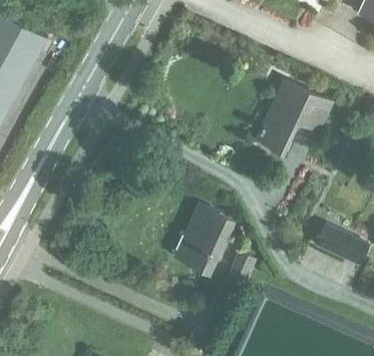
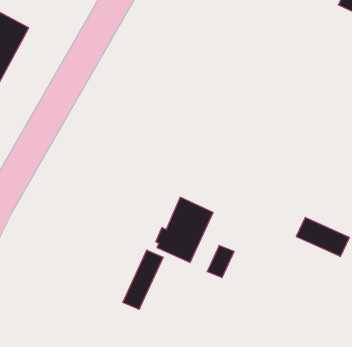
building: [257,81,330,151] -> none
building: none -> [123,250,163,309]

